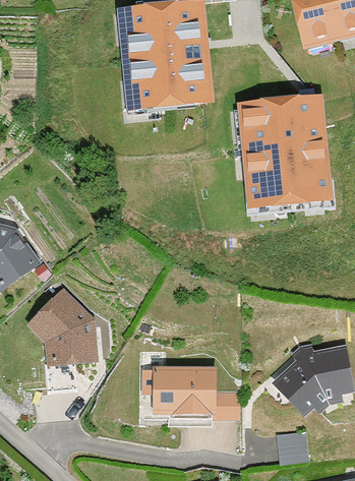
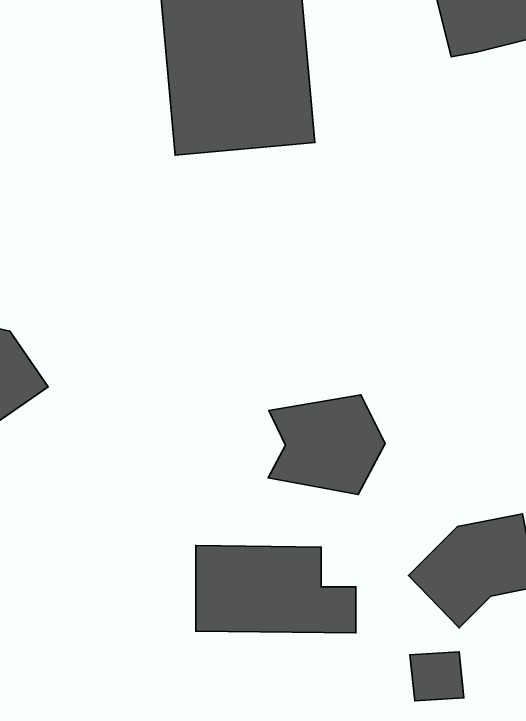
building: [235,96,334,208] -> none
building: none -> [268,395,385,494]
building: [24,286,100,366] -> none

